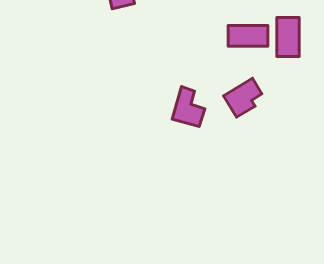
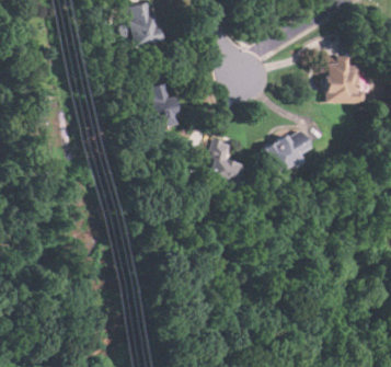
building: [228,26,268,46] -> none
building: none -> [147,81,179,127]

